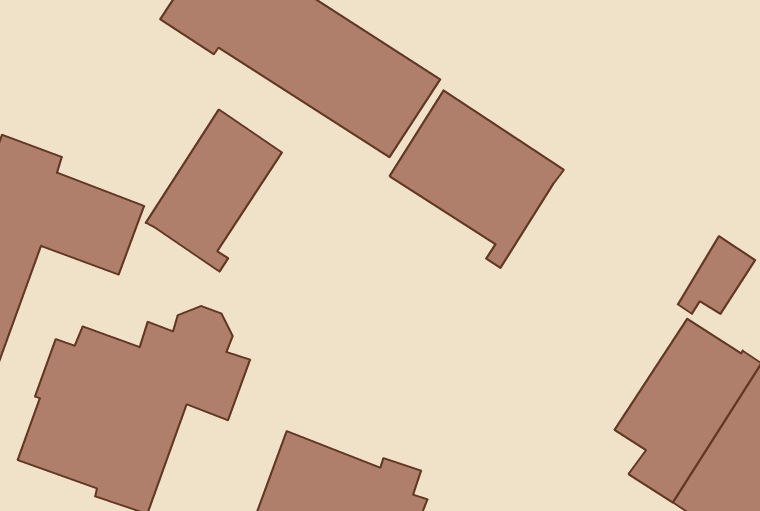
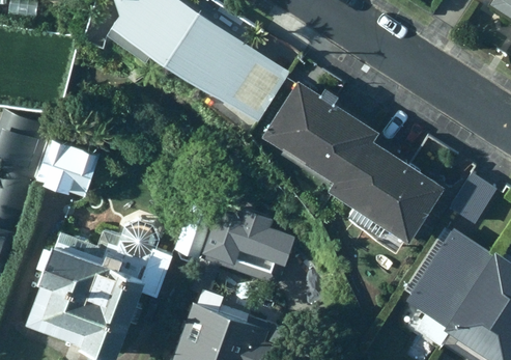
building: [146,110,282,272] -> none
building: none -> [333,139,439,253]
building: none -> [175,201,299,299]

